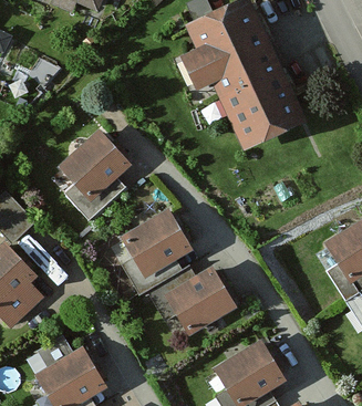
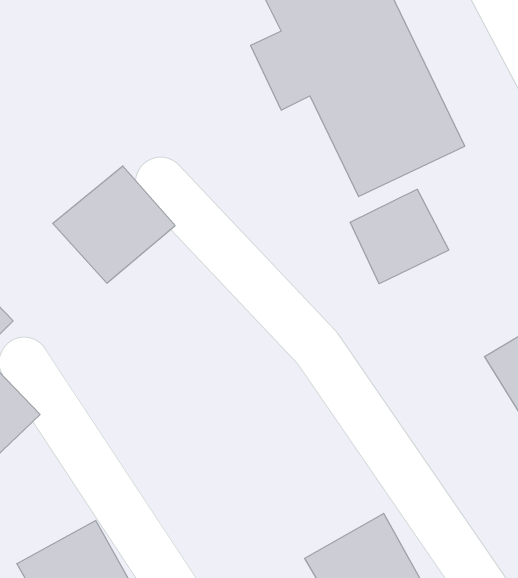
building: none -> [350,189,449,284]
building: [122,208,192,274] -> none
building: [163,269,235,335] -> none

